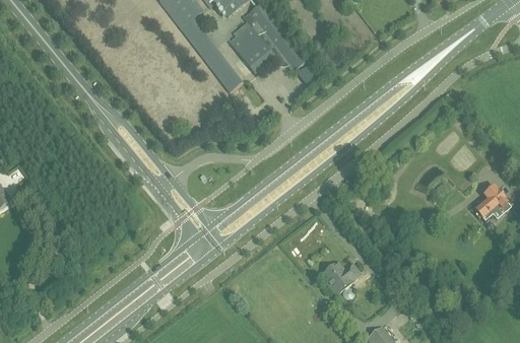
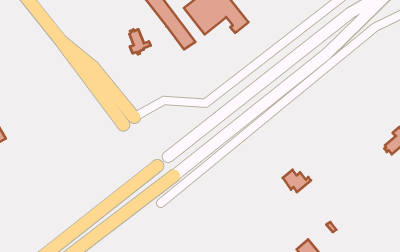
building: none -> [129,29,151,54]
building: [320,264,354,291] -> [283,170,311,192]

